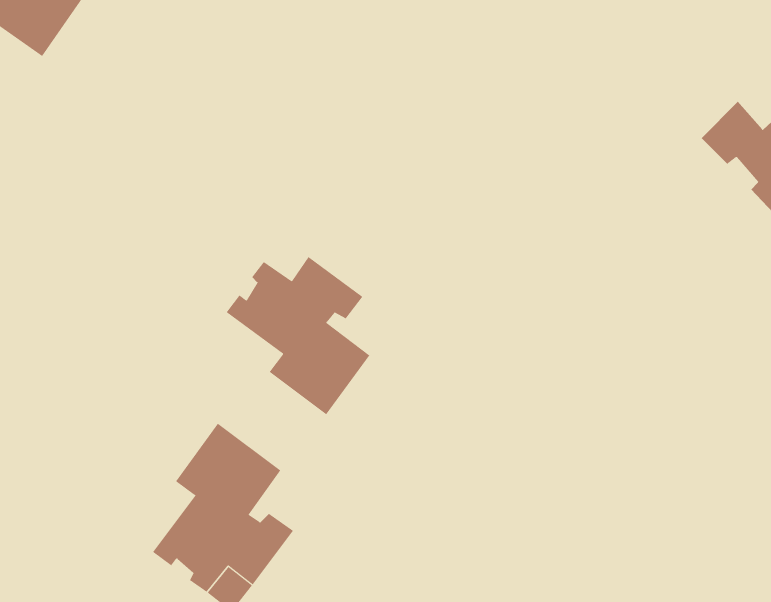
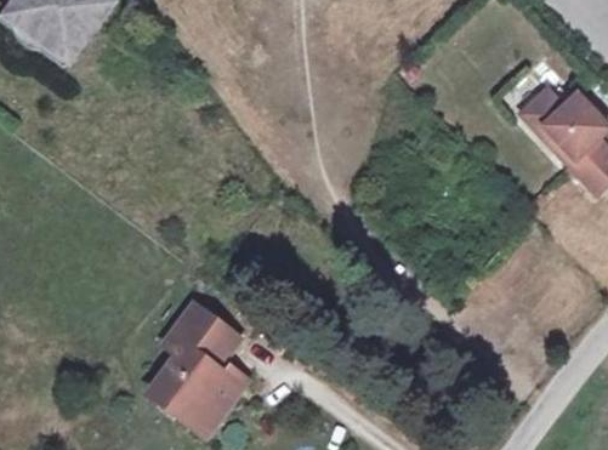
building: [226,256,370,415] -> none

